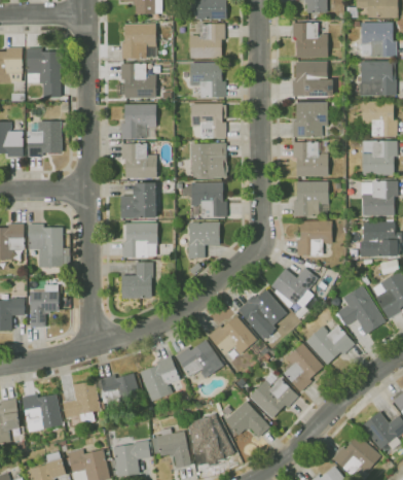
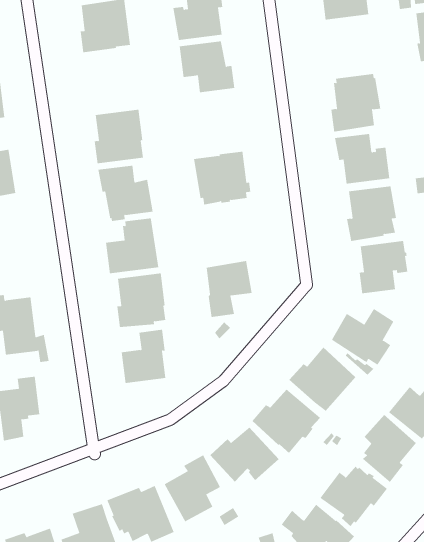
building: [292,61,333,97] -> none
building: [120,64,156,98] -> none
building: [190,100,226,138] -> none
building: [191,182,226,217] -> none

